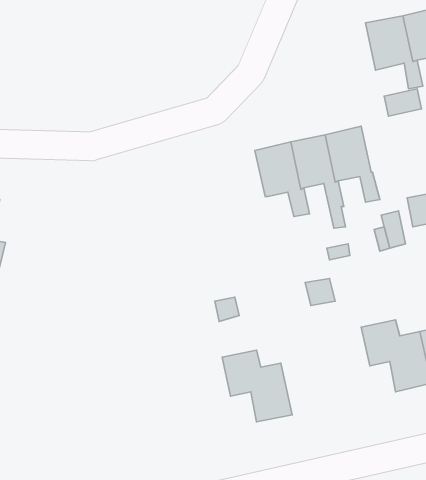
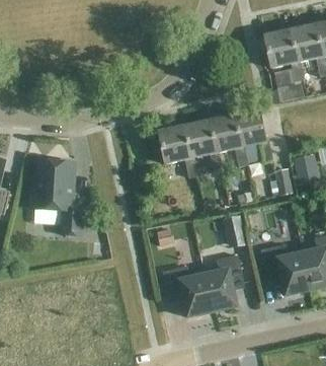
building: none -> [158,124,199,176]
building: none -> [32,158,84,233]
building: none -> [205,253,244,310]

